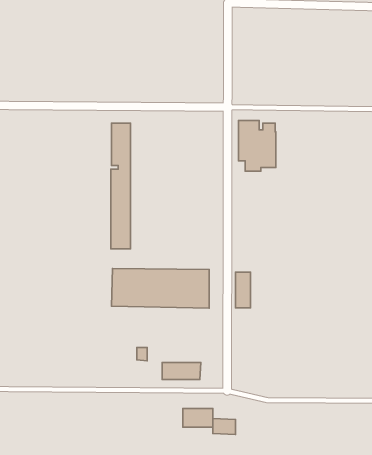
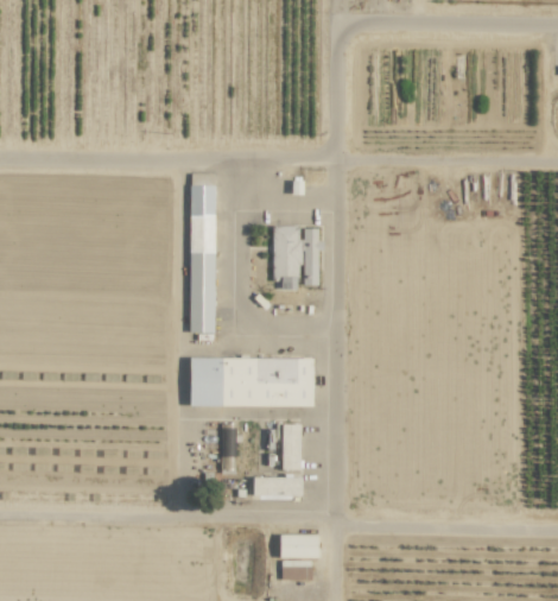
building: [238,121,276,171] -> [273,226,321,290]
building: [236,272,251,308] -> [283,424,302,469]
building: [213,419,235,435] -> [283,559,311,580]

